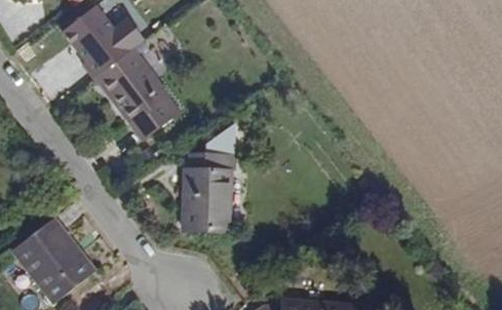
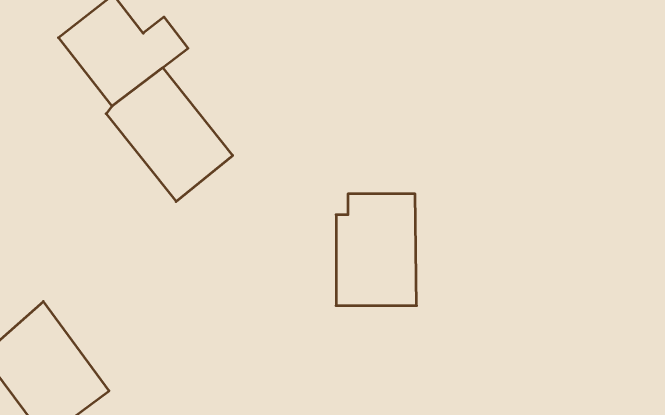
building: [180,153,235,230] -> [336,194,417,306]

